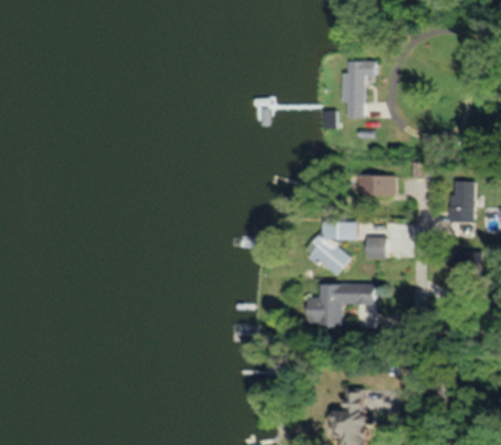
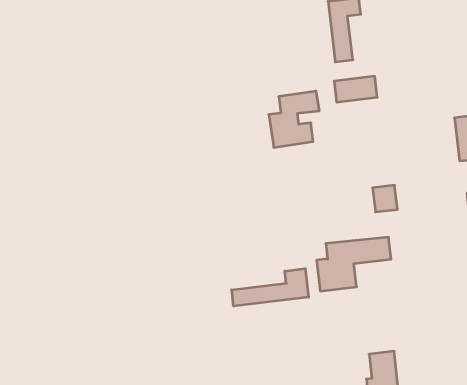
building: [356,176,394,195] -> [334,76,377,102]
building: [309,222,356,269] -> [269,91,319,147]
building: none -> [232,269,309,306]

